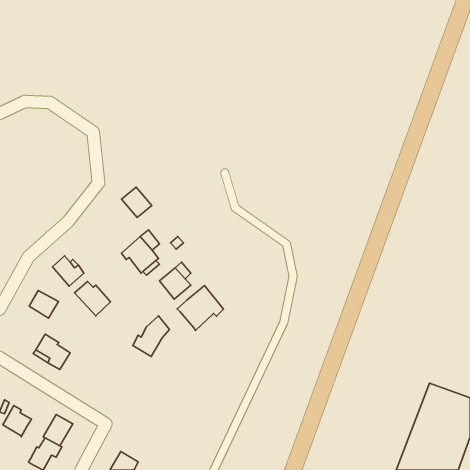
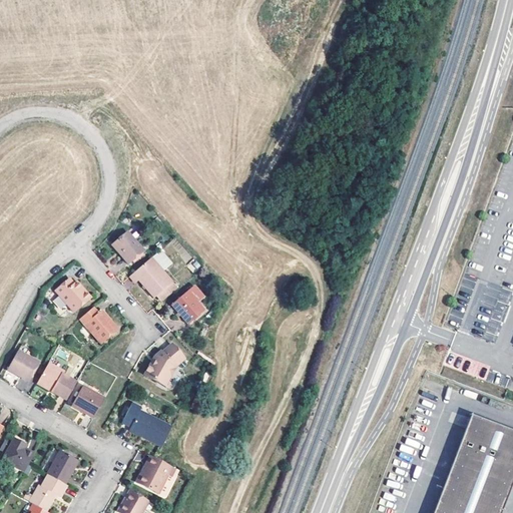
building: [121,187,152,218] -> [110,232,143,266]
building: [177,285,223,330] -> none
building: [29,291,59,318] -> [8,351,40,381]
building: none -> [72,387,105,418]
building: none -> [123,404,171,446]
building: none -> [139,457,177,494]

